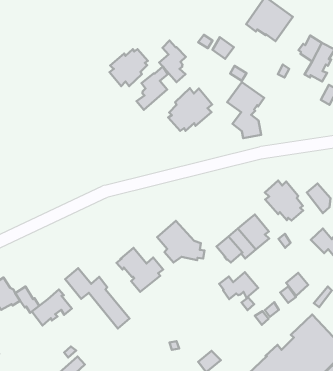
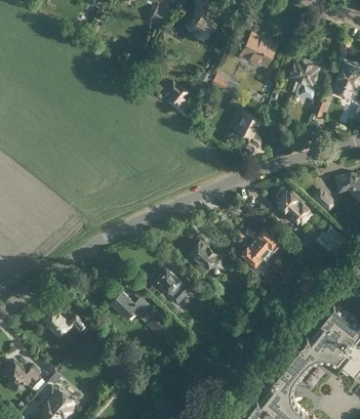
building: [110,49,148,86] -> none
building: [137,67,168,110] -> none
building: [168,88,212,131] -> none
building: [219,272,258,299] -> none
building: [32,289,72,326] -> none

